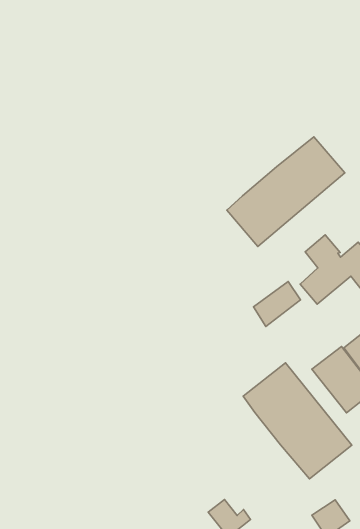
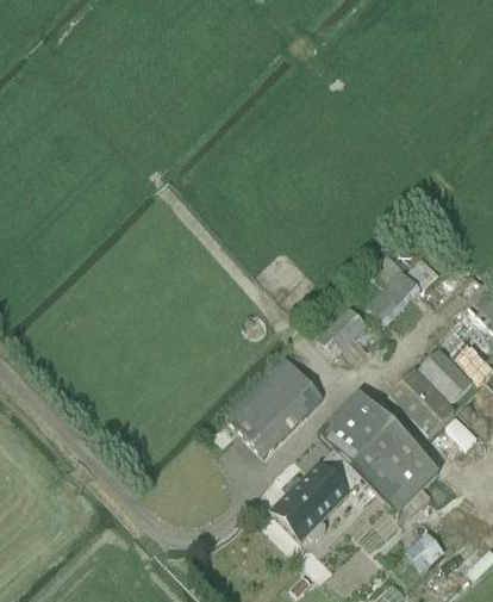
building: [227,137,345,246] -> none
building: none -> [226,355,324,454]
building: none -> [273,452,360,539]

